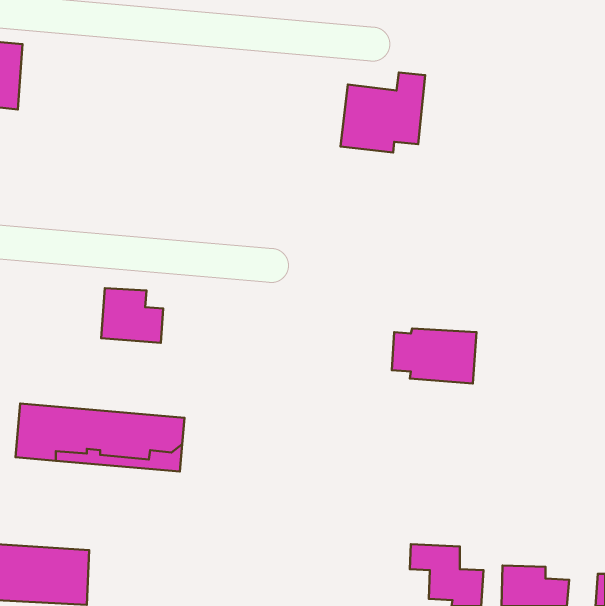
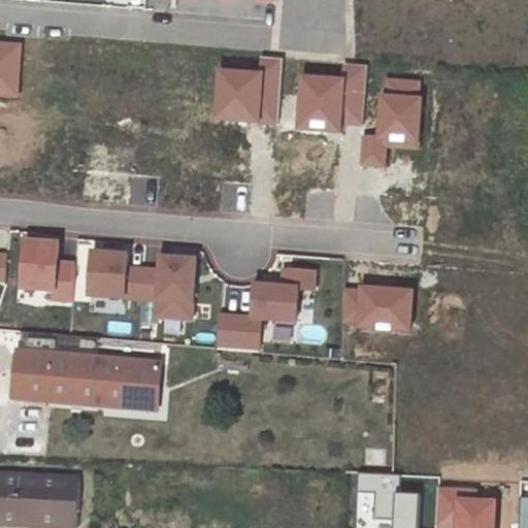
building: none -> [214,57,280,121]
building: none -> [359,77,421,165]
building: none -> [21,238,73,298]
building: none -> [139,255,194,317]
building: none -> [214,268,314,350]

